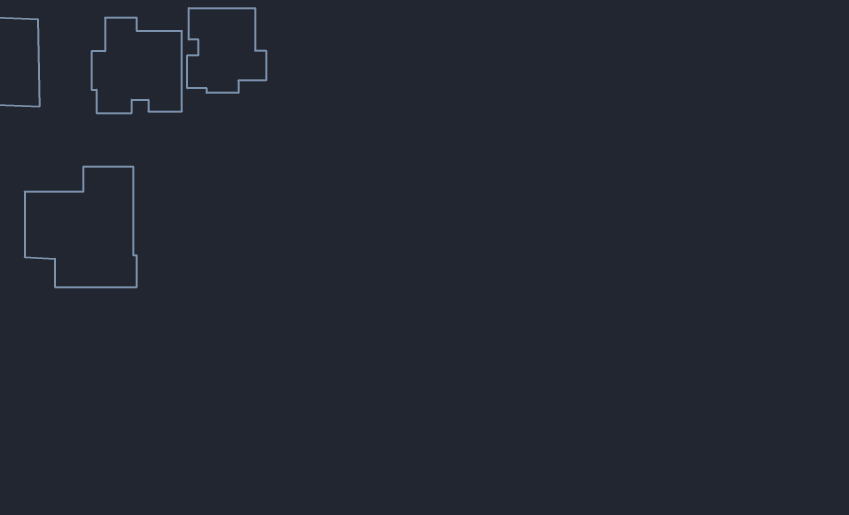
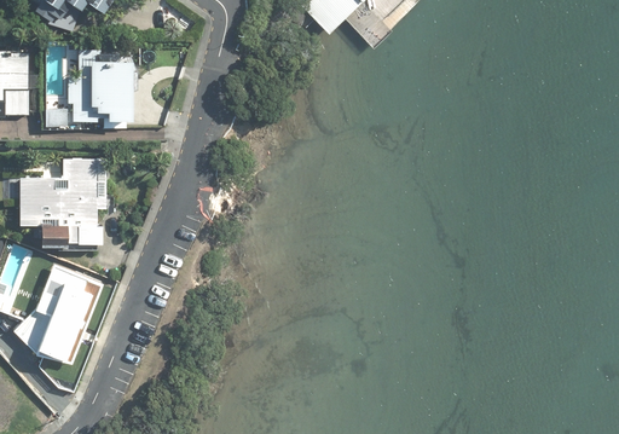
building: [187,8,266,93] -> none
building: none -> [11,265,106,370]

